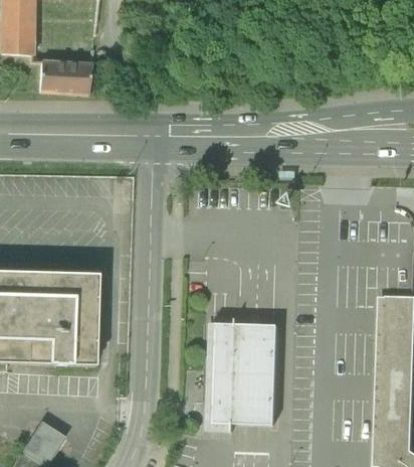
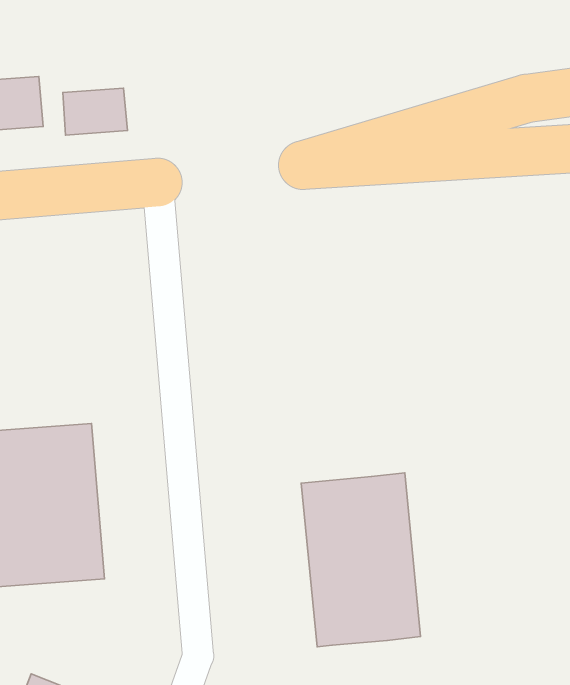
building: none -> [63,88,128,135]

